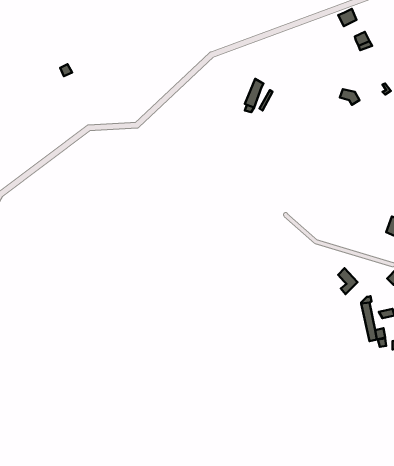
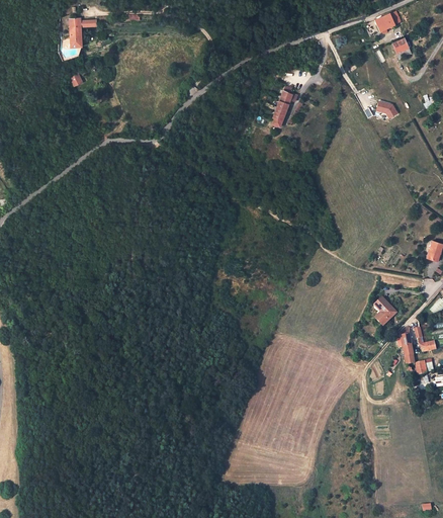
building: none -> [69,17,96,47]

